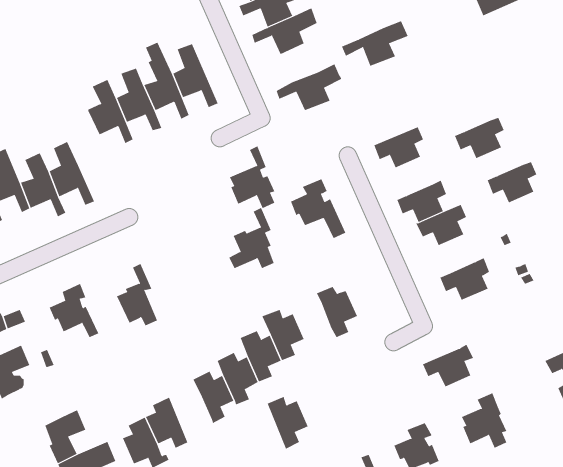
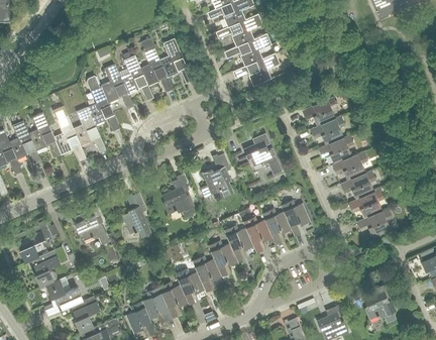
building: [341,21,409,66] -> [224,33,271,66]
building: none -> [87,86,120,131]
building: [454,117,505,159] -> [310,116,345,145]
building: [229,145,275,209] -> [161,174,194,218]
building: [487,162,537,203] -> [340,171,375,200]
building: none -> [281,200,310,237]
building: none -> [242,217,271,253]
building: [422,344,474,387] -> [356,208,393,238]
building: none -> [45,276,83,312]
building: [267,396,309,449] -> [158,281,188,319]

